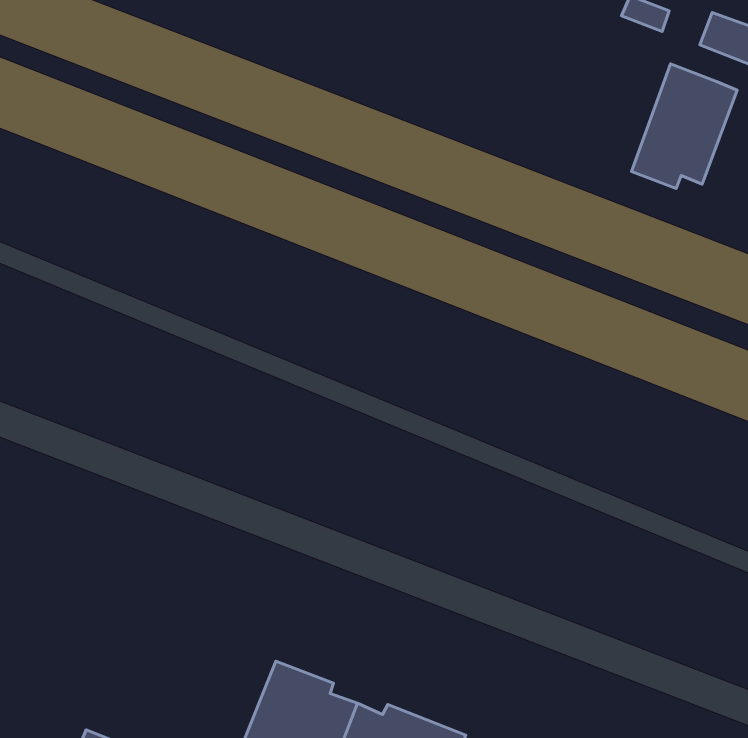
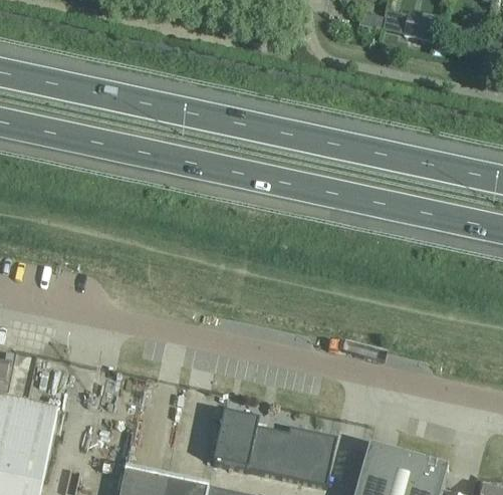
building: [631,64,737,188] -> none

